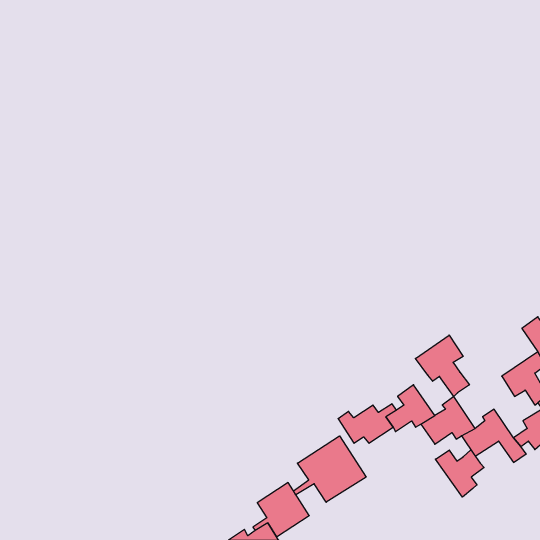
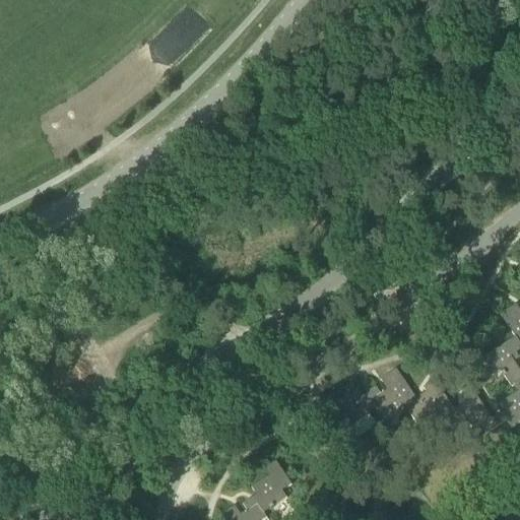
building: [415,335,469,396] -> none
building: [293,436,366,502] -> none
building: [435,450,484,497] -> none

